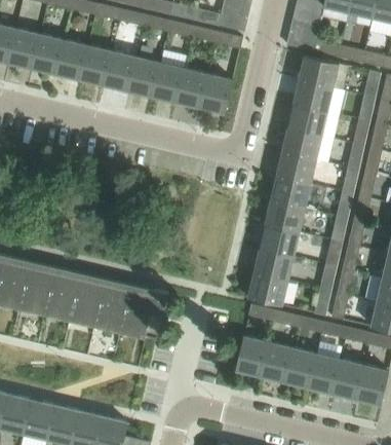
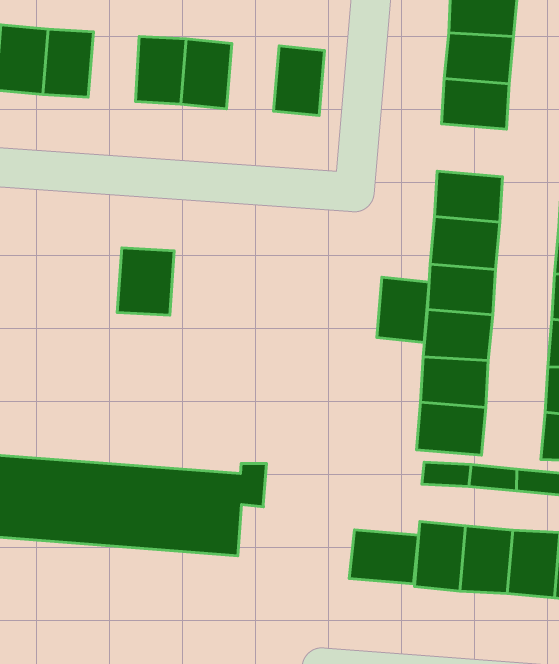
building: [104,51,135,91] -> none
building: [175,69,208,108] -> none
building: [281,128,321,161] -> none
building: none -> [117,248,174,315]
building: none -> [377,277,429,342]
building: none -> [349,530,419,584]

